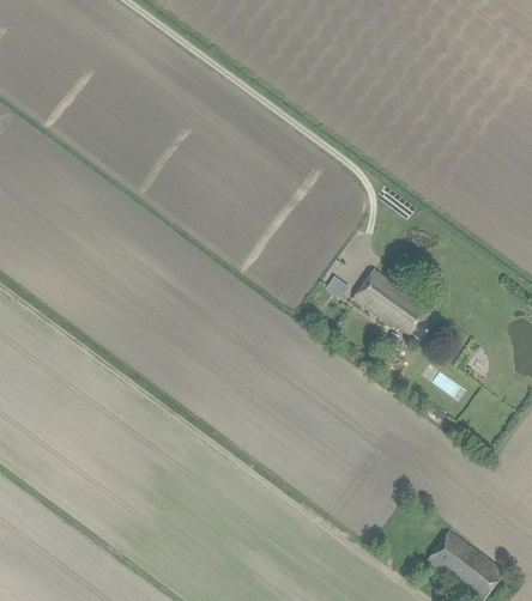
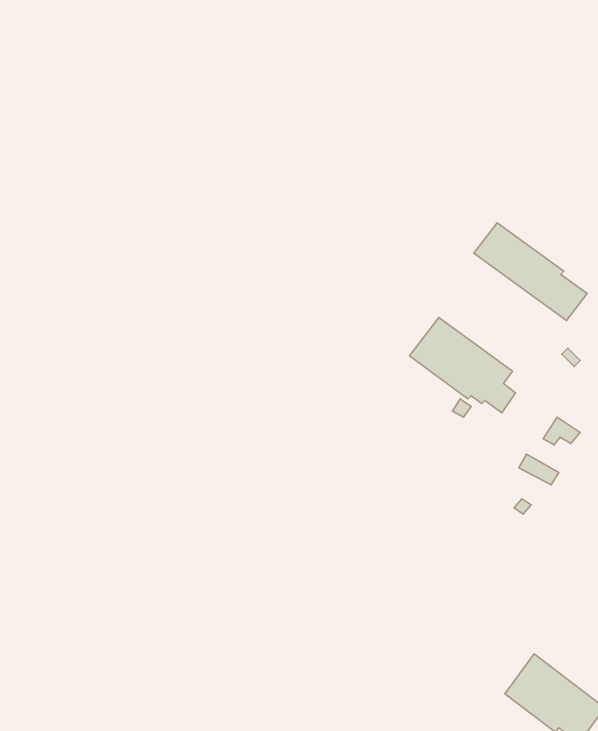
building: none -> [474,223,587,321]

